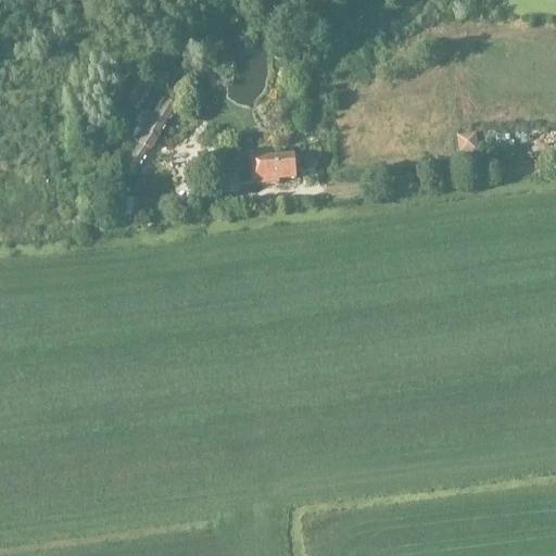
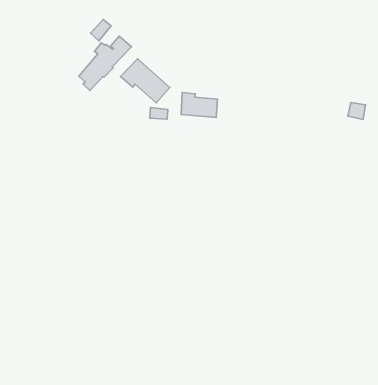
building: none -> [121,59,170,103]

